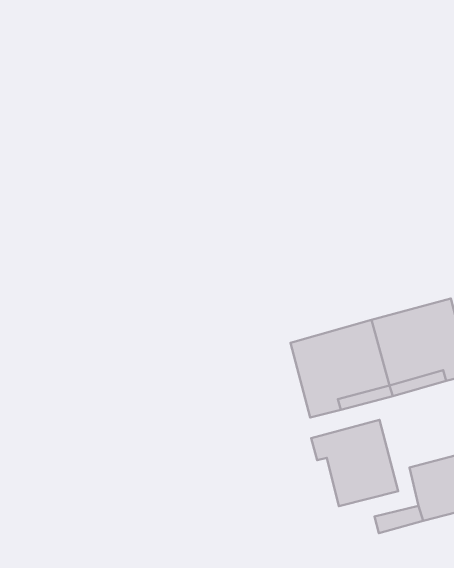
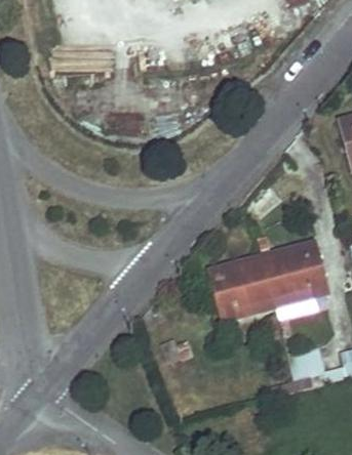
building: [311,420,398,506] -> none

